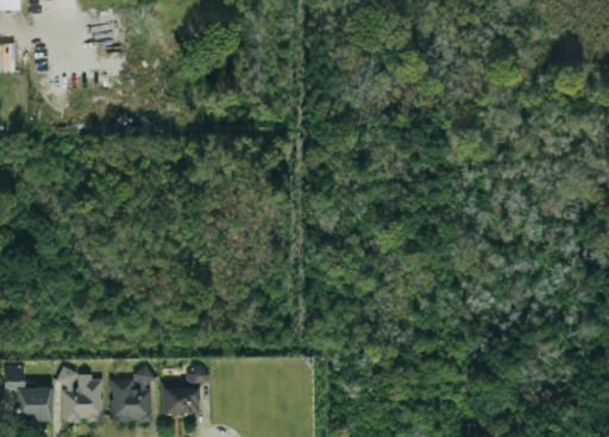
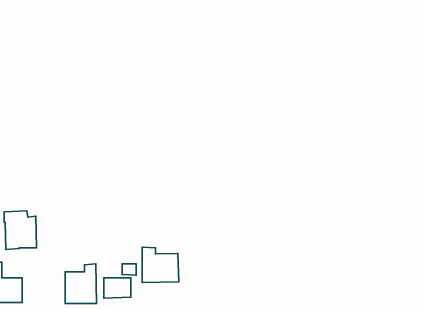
building: none -> [142,247,179,282]
building: [58,370,102,423] -> [4,211,37,250]

